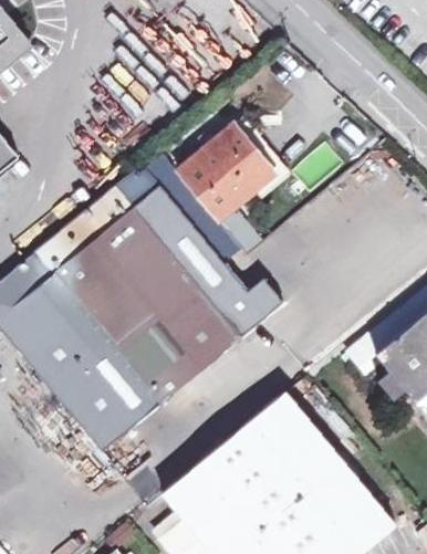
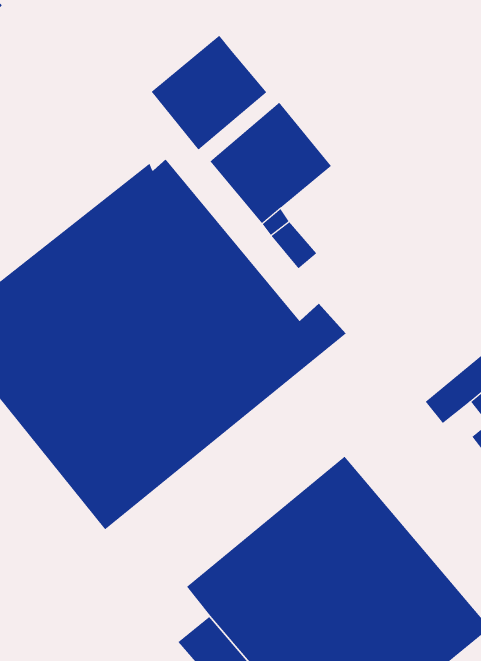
building: none -> [151,35,267,150]

